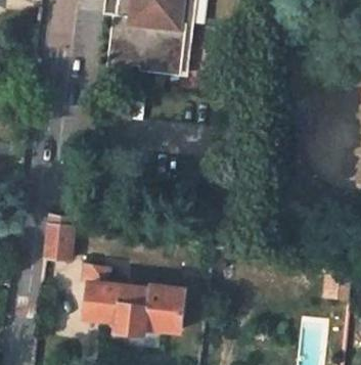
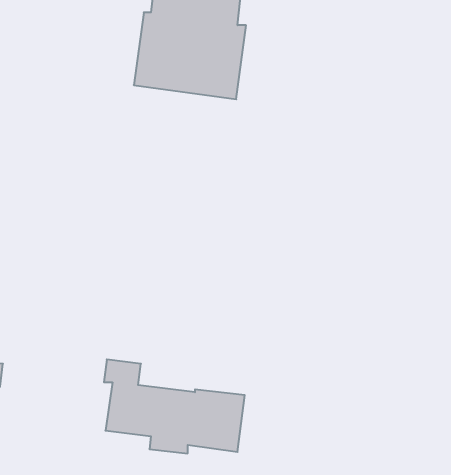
building: [46,216,74,260] -> none

